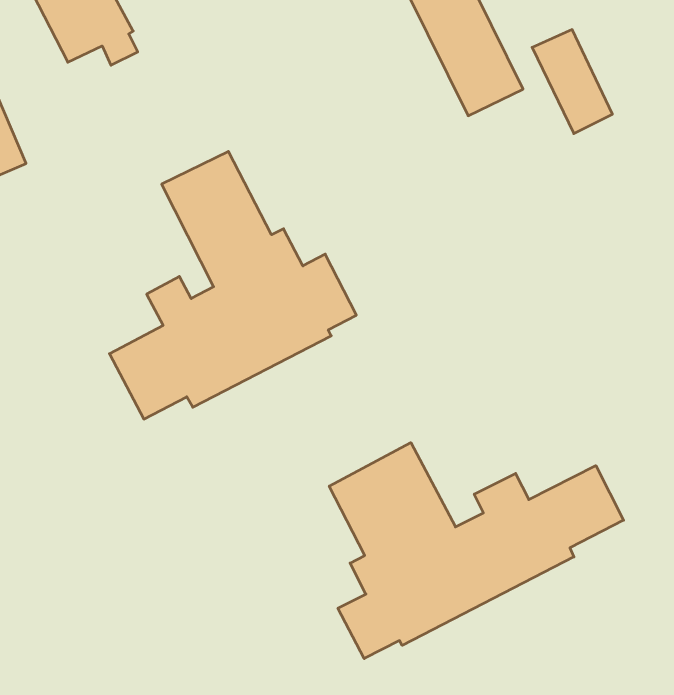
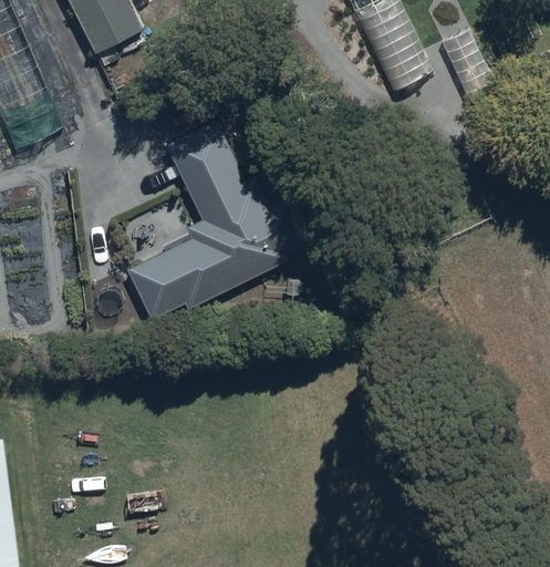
building: [329,443,624,659] -> none

